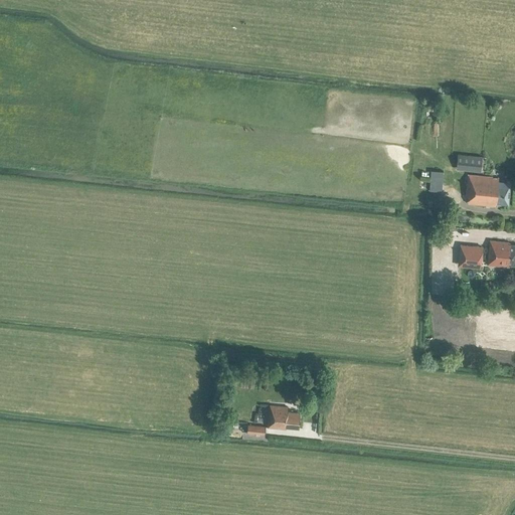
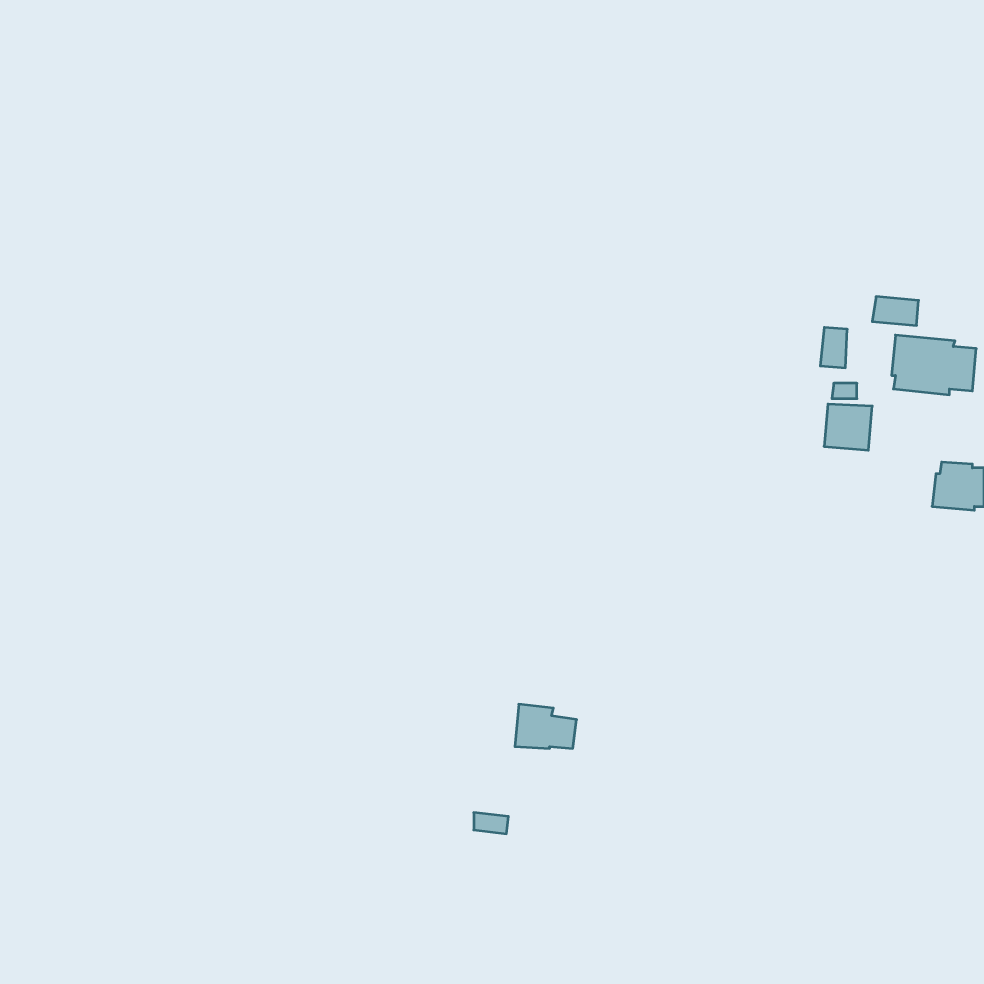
building: [458,245,483,270] -> [824,404,872,450]
building: [268,405,300,428] -> [515,704,577,748]

